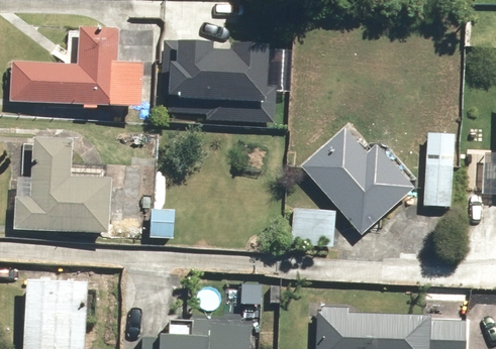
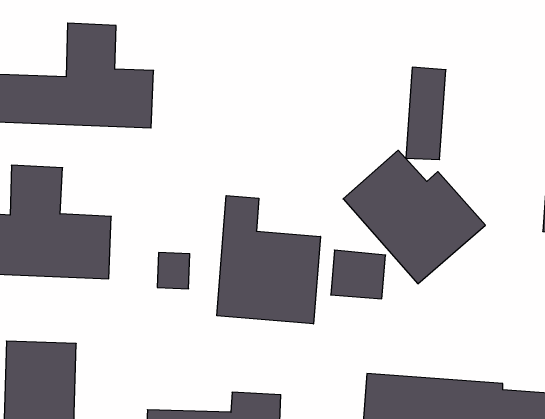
building: [161,39,276,122] -> none
building: [423,131,456,206] -> [406,67,446,160]
building: none -> [217,196,320,324]

